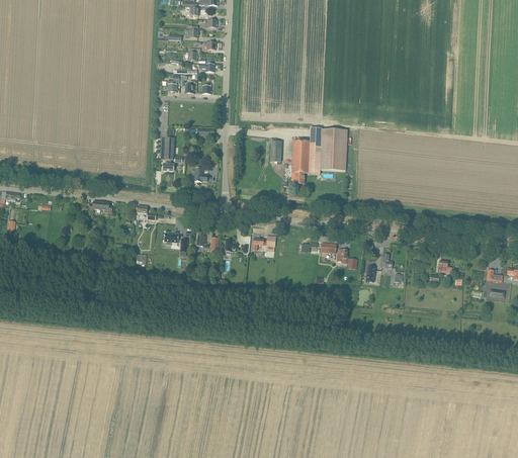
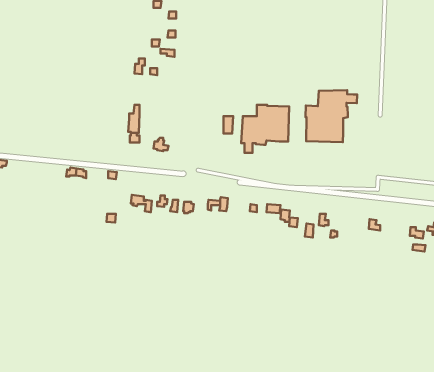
building: none -> [305,90,357,142]

